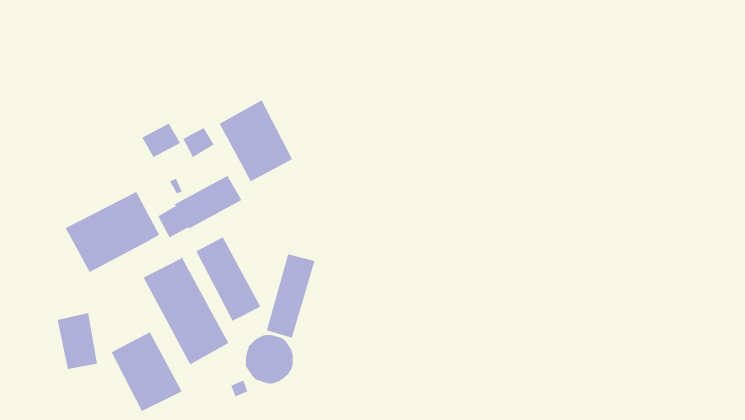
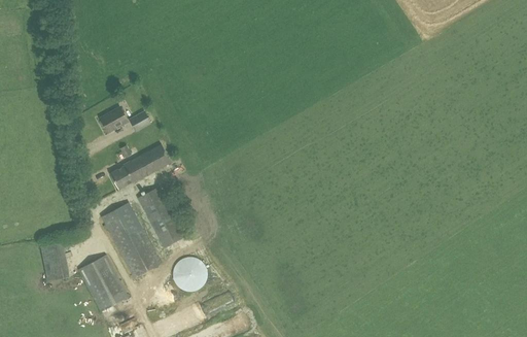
building: [219,100,293,182] -> none
building: [65,191,160,273] -> none
building: [266,254,315,338] -> none

